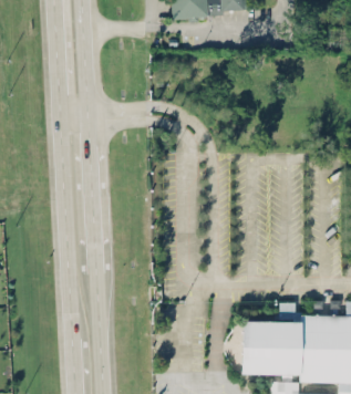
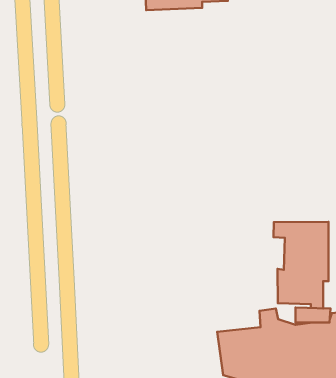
building: none -> [273,222,328,308]

